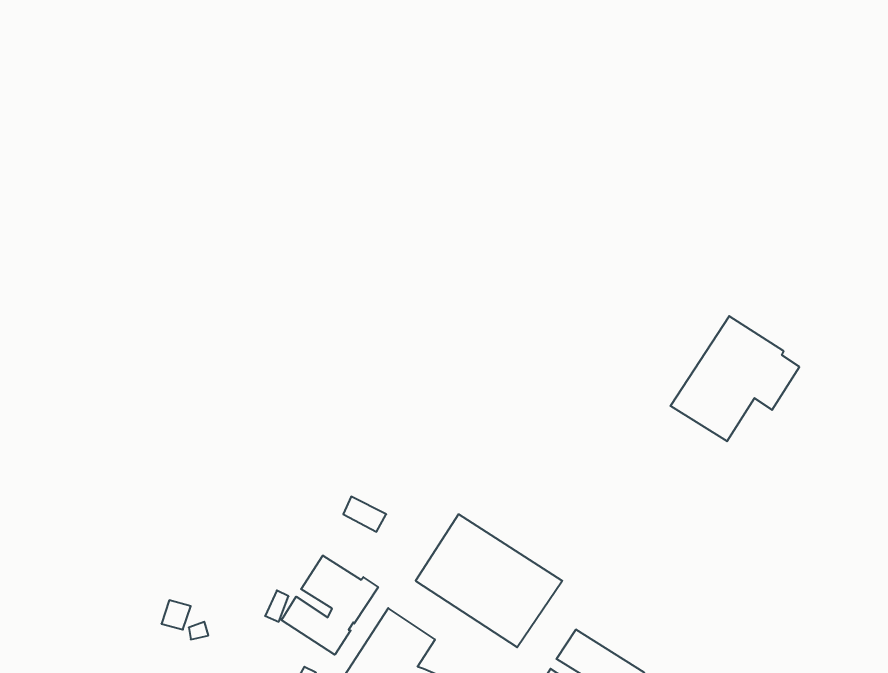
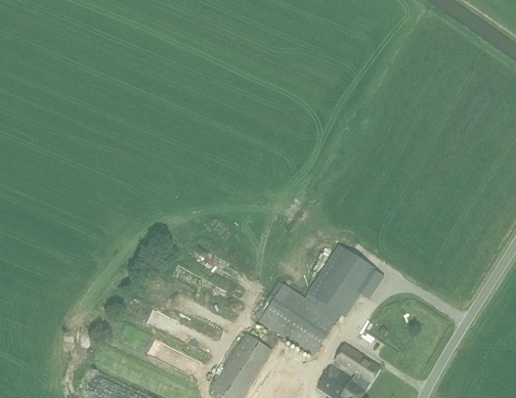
building: [670,316,799,441] -> [314,249,382,314]
building: [282,555,378,655] -> none

